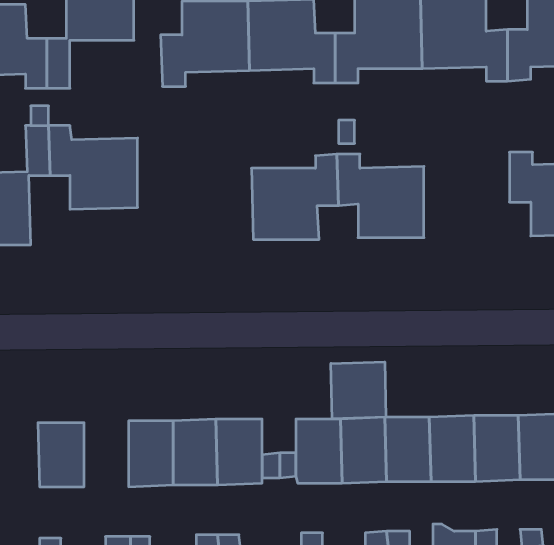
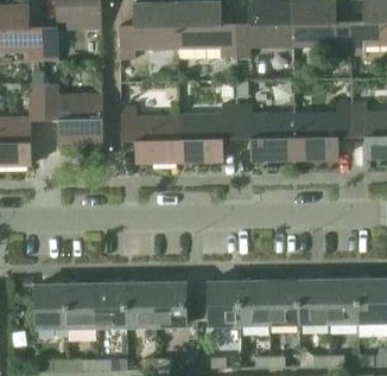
building: none -> [294,103,351,160]
building: none -> [121,107,180,162]
building: [331,362,386,419] -> none
building: none -> [68,282,97,326]

